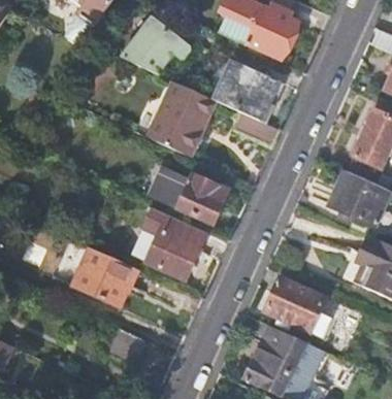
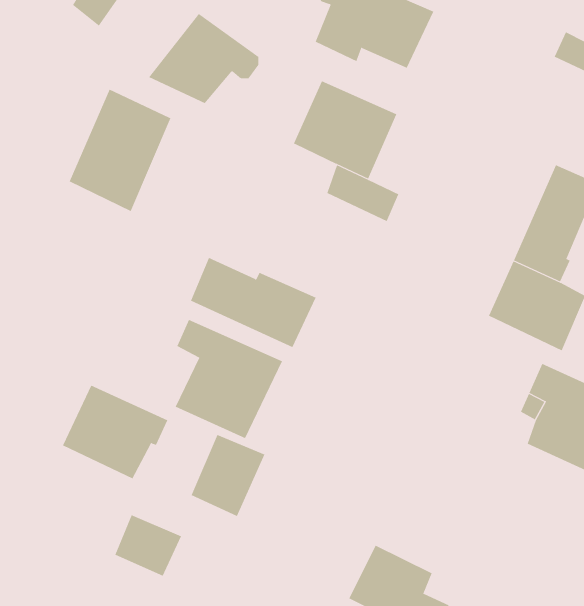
building: [151,81,214,157] -> [69,89,172,212]
building: [264,276,327,331] -> none
building: none -> [191,434,265,517]
building: [263,326,307,362] -> none

